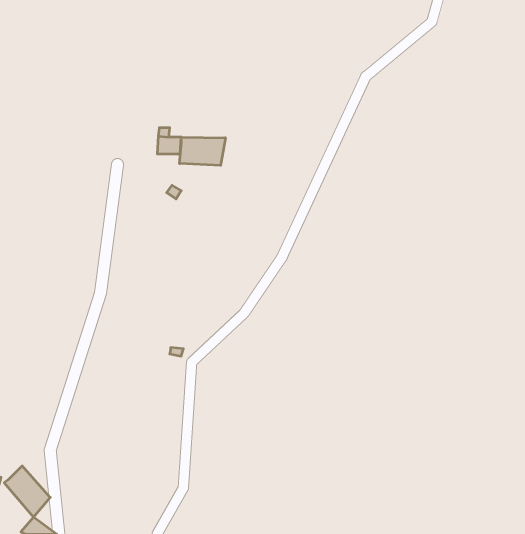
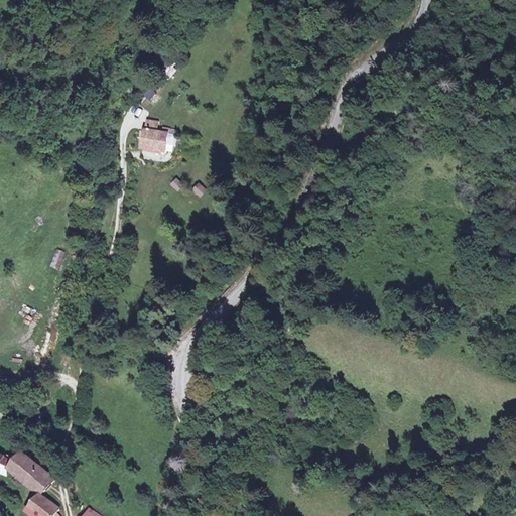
building: [180,137,225,165] -> none

